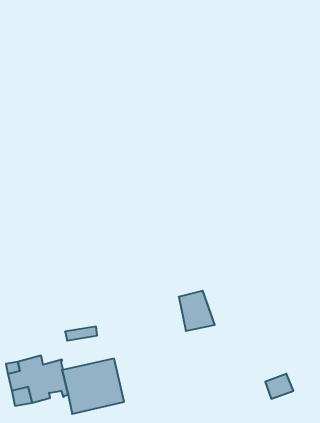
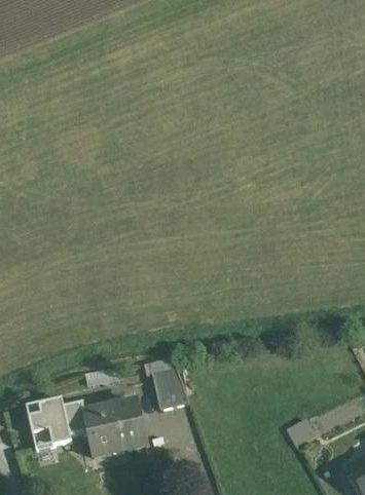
building: [179,291,215,331] -> [152,367,189,408]

